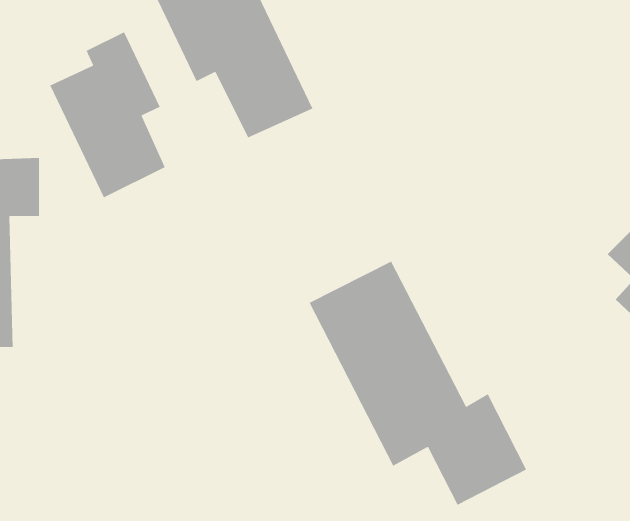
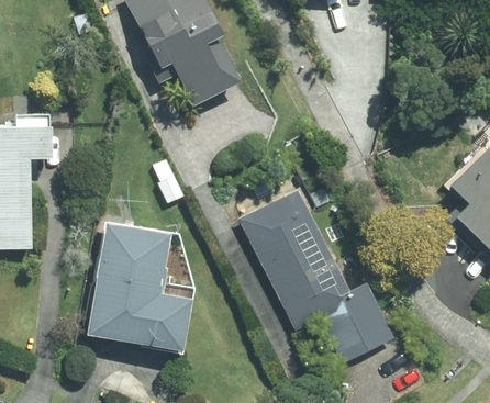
building: [49,31,166,199] -> none
building: none -> [89,222,189,348]

